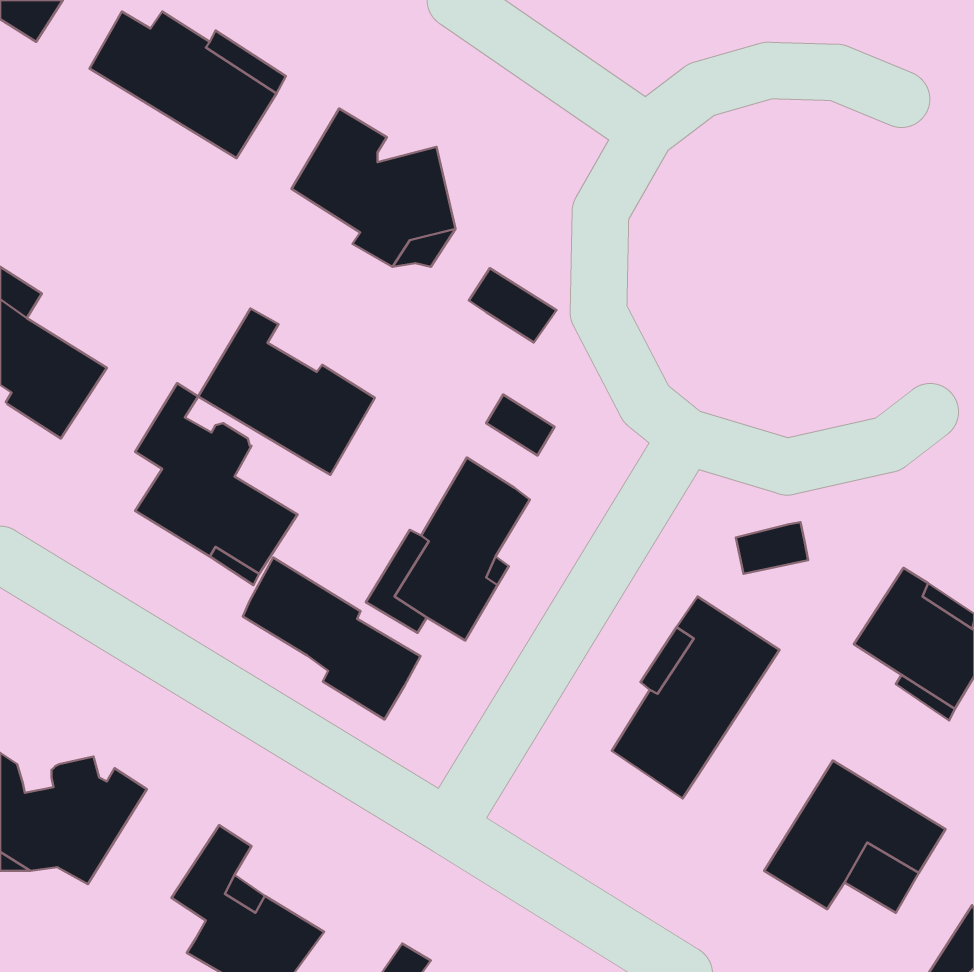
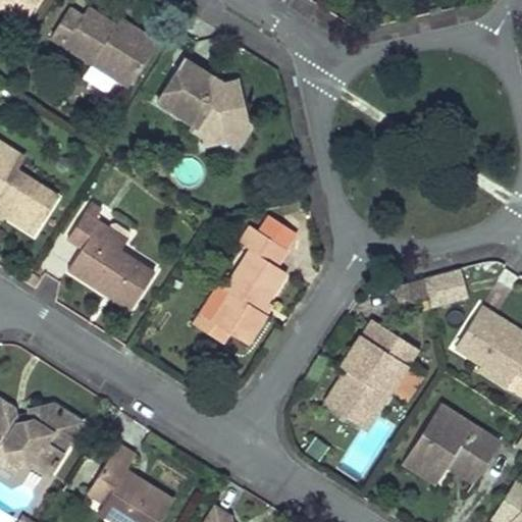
building: [469,268,557,343] -> [241,222,288,262]
building: [198,309,375,475] -> none
building: [243,558,420,719] -> none

